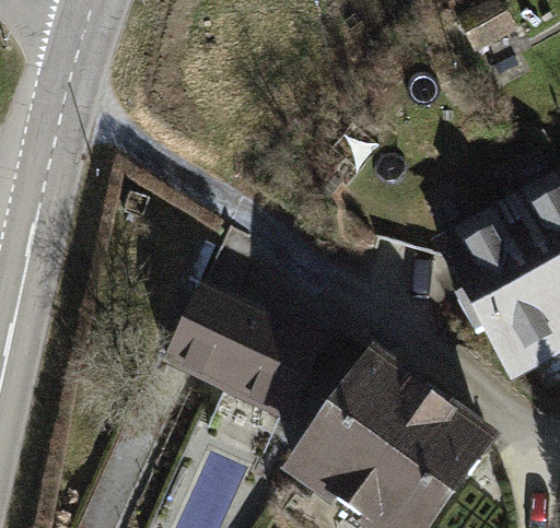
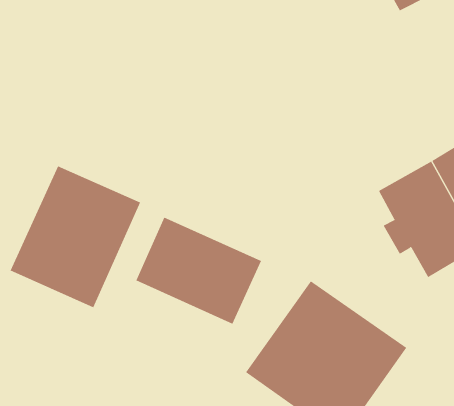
building: none -> [10,165,141,308]

